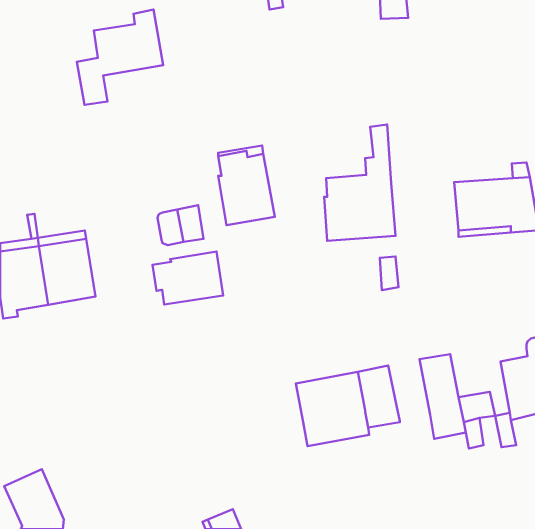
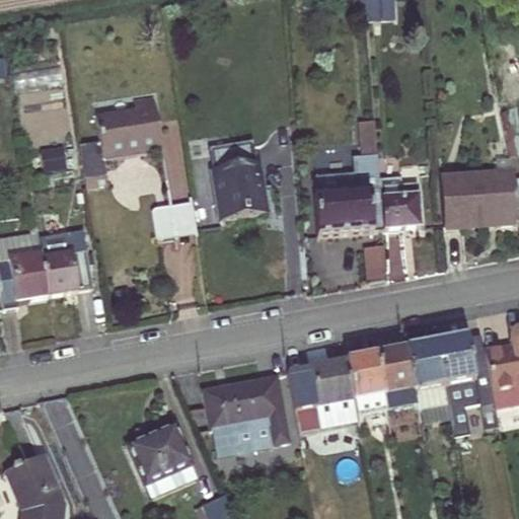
building: [77,9,163,105] -> [80,93,163,186]
building: none -> [379,175,420,228]
building: [153,252,223,304] -> none
building: none -> [436,337,474,384]
building: none -> [376,348,417,407]
building: none -> [203,374,290,453]
building: none -> [129,424,197,495]

